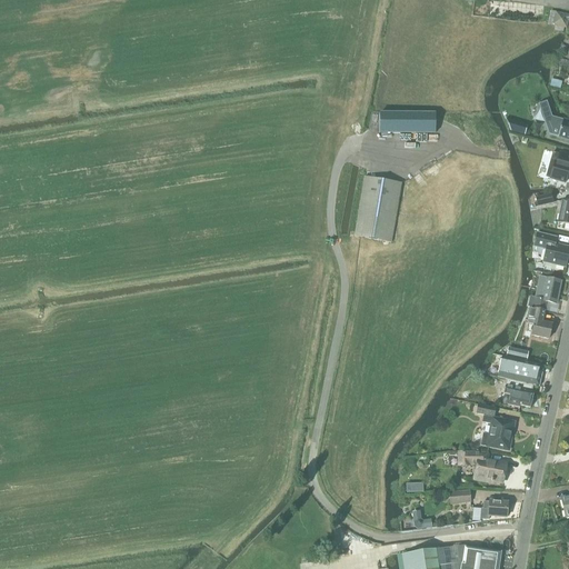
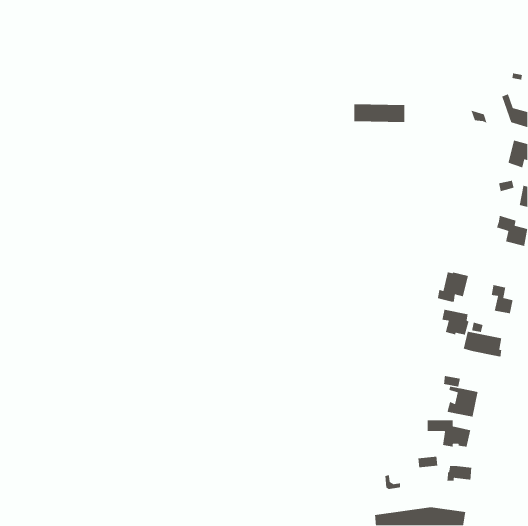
building: [355,176,402,241] -> none
building: [528,276,562,309] -> [437,271,469,302]
building: [505,378,535,407] -> [442,309,470,336]

